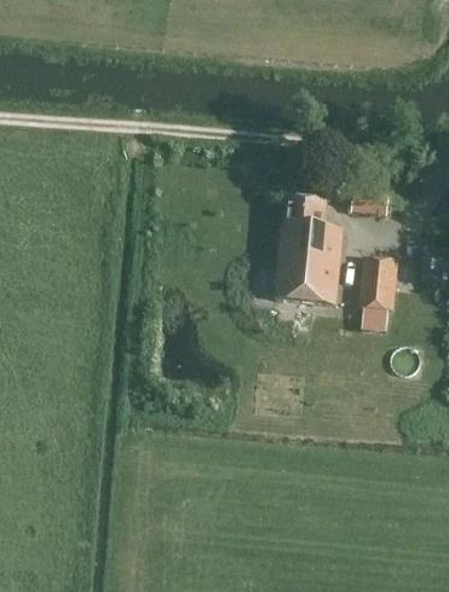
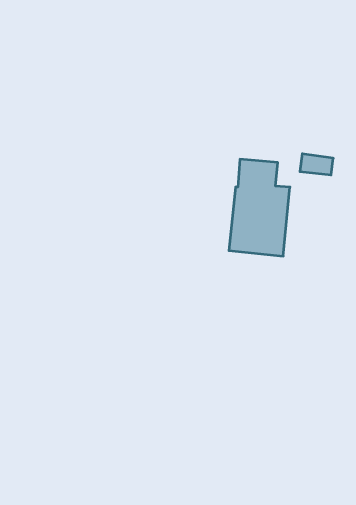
building: [357,260,397,312] -> none

